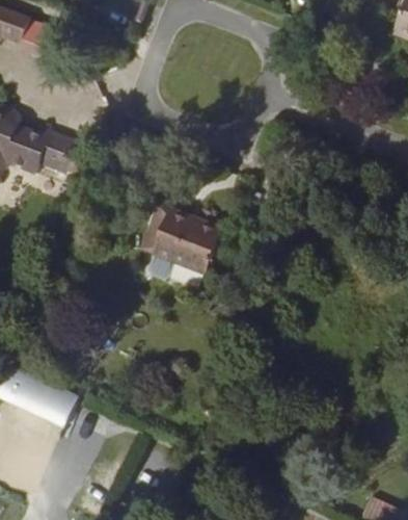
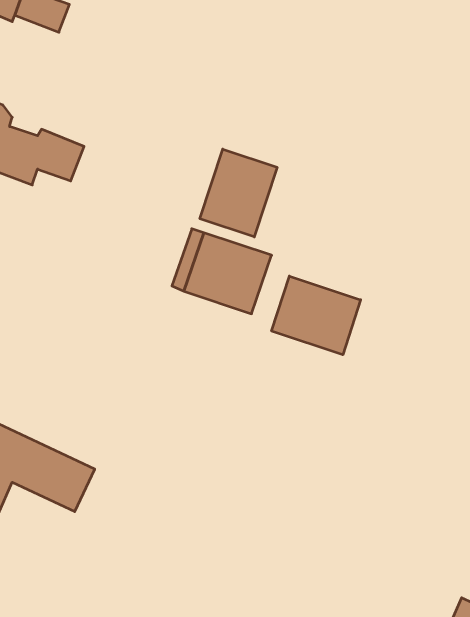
building: none -> [200,149,277,237]
building: none -> [272,276,361,355]

